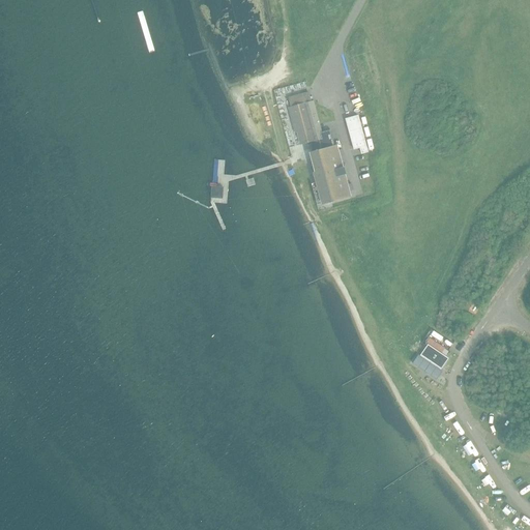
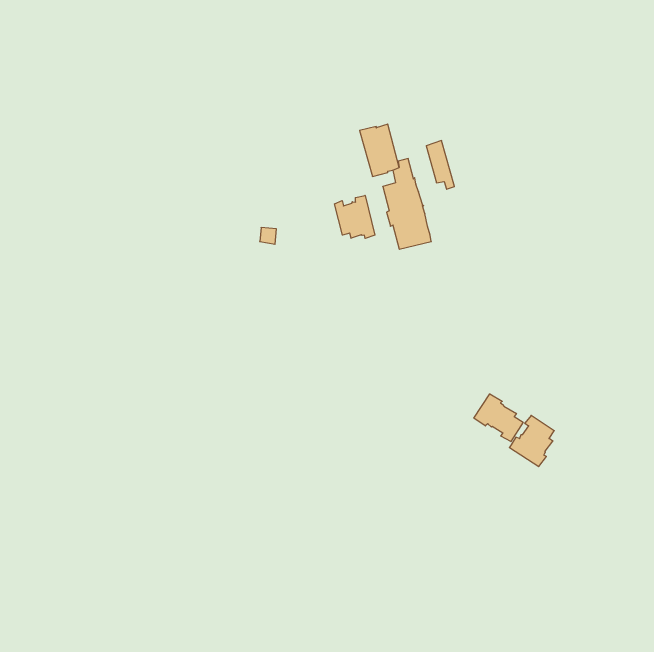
building: none -> [334,195,375,238]
building: none -> [474,394,523,442]

